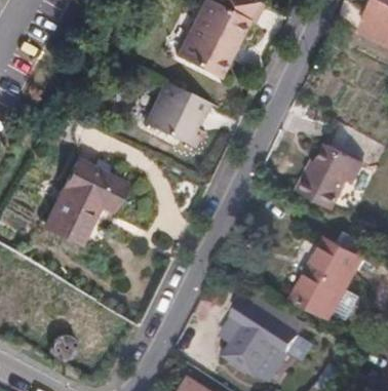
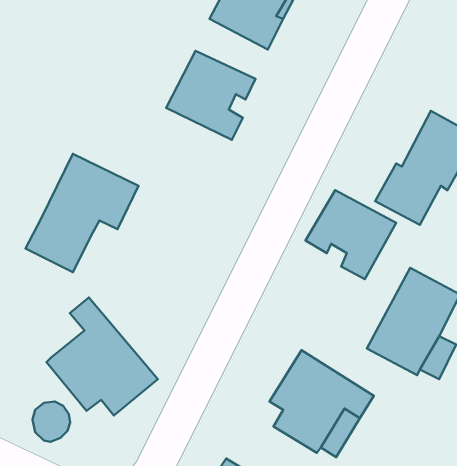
building: none -> [305,190,396,279]
building: none -> [47,297,158,415]

